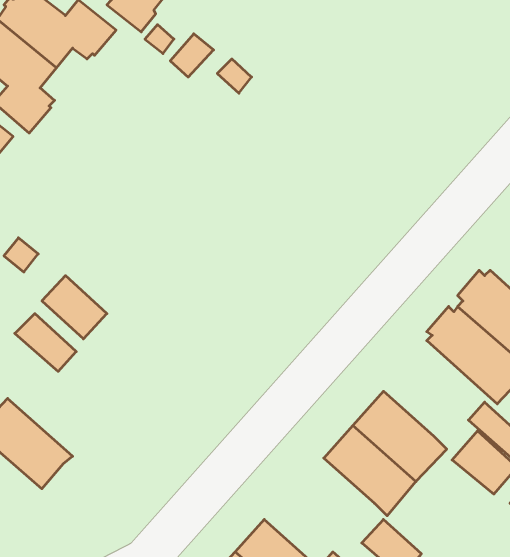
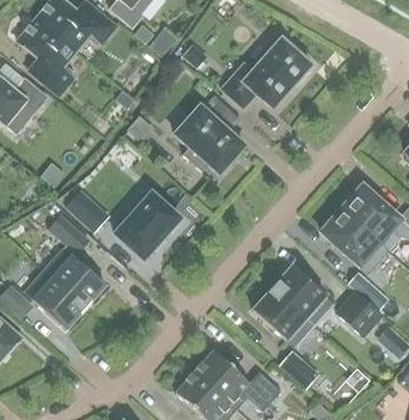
building: none -> [221,39,310,108]
building: none -> [173,95,244,175]
building: none -> [114,193,179,260]
building: none -> [43,249,105,309]

